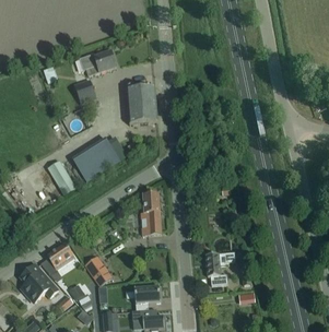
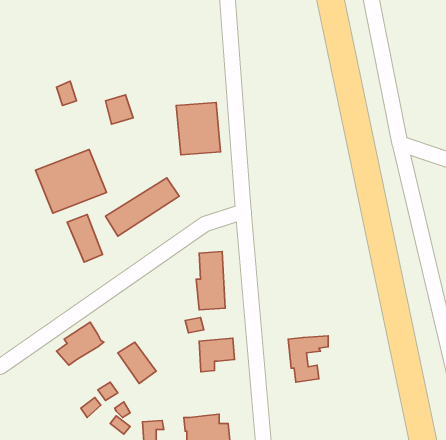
building: [79,49,116,74] -> none
building: none -> [36,150,107,213]
building: [20,262,58,300] -> none
building: [134,285,160,309] -> [199,338,234,372]

